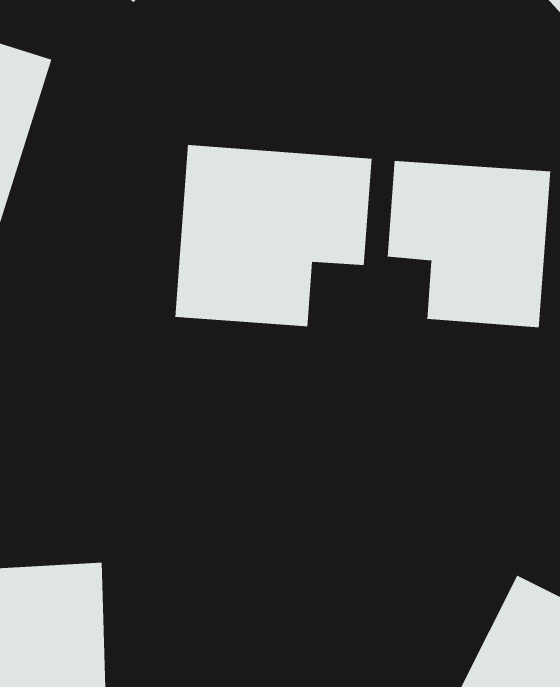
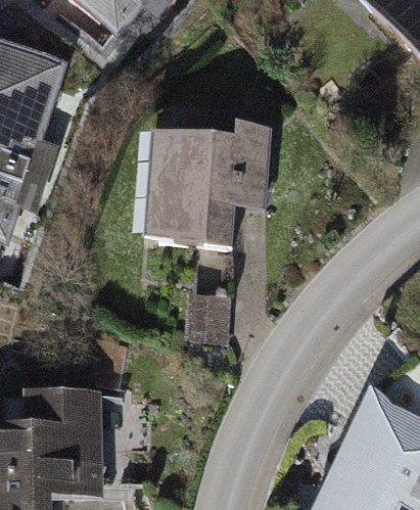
building: [387,160,551,328] -> none

